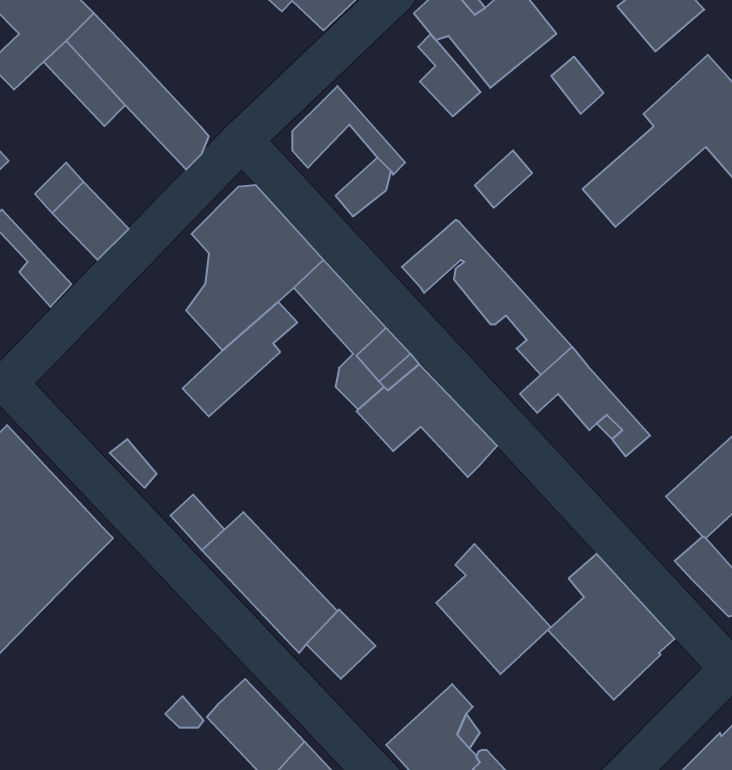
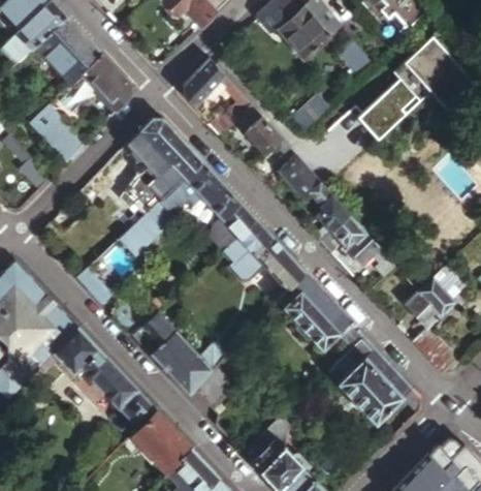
building: [418,35,481,116] -> [243,104,280,153]
building: none -> [54,328,155,426]
building: [436,544,551,674] -> [282,273,350,350]

